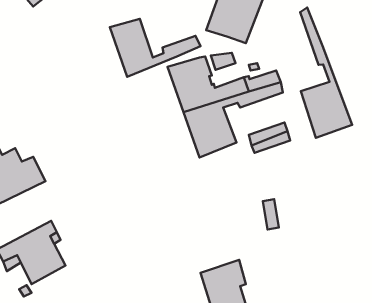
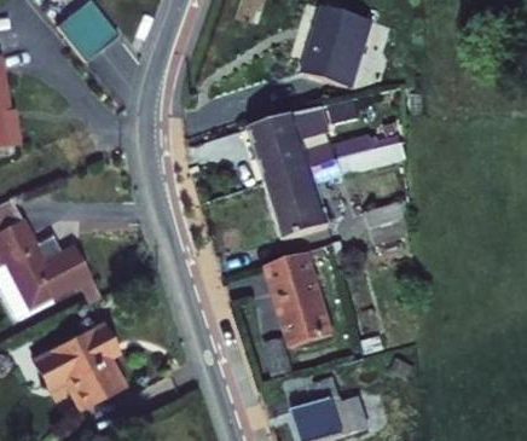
building: [300,7,352,138] -> none
building: [110,19,201,77] -> none
building: none -> [267,256,335,352]

